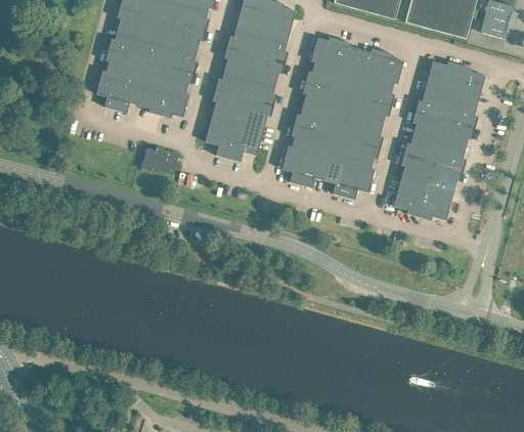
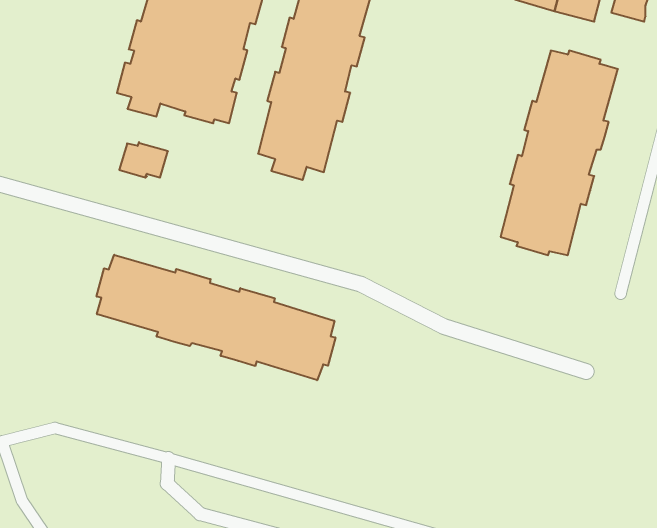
building: [281,36,404,199] -> none
building: [141,145,179,173] -> [119,142,168,178]
building: none -> [97,255,335,380]

